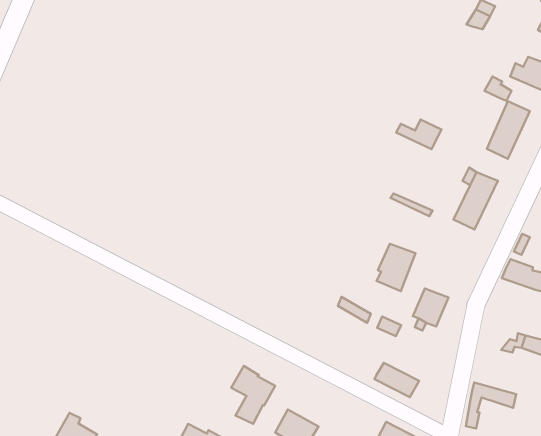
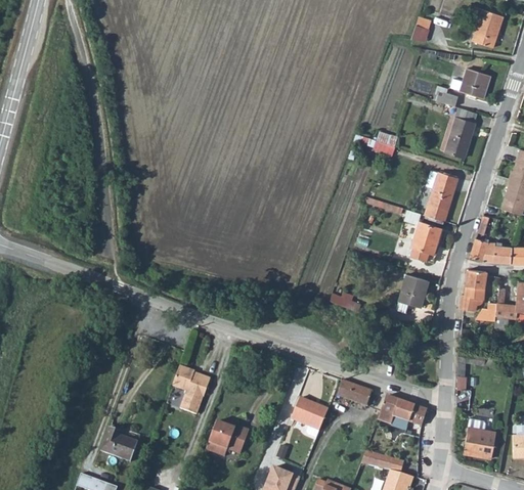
building: [376,244,416,291] -> [407,221,438,261]
building: none -> [461,272,487,312]
building: [375,363,419,397] -> [334,381,373,407]
building: [231,366,275,424] -> [172,366,210,415]

